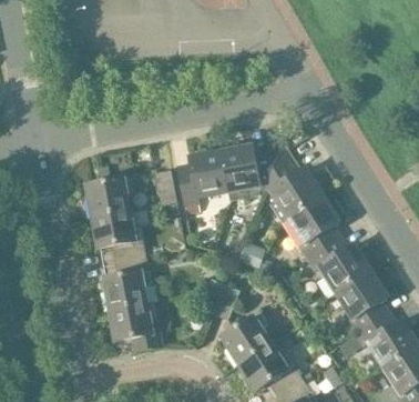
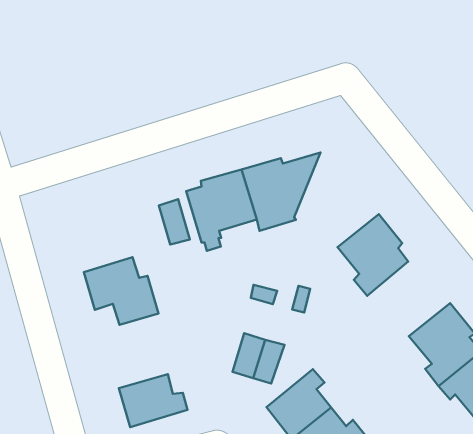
building: [257,145,323,220] -> none
building: [85,178,133,219] -> none
building: [307,237,370,294] -> none
building: [102,257,151,311] -> none

